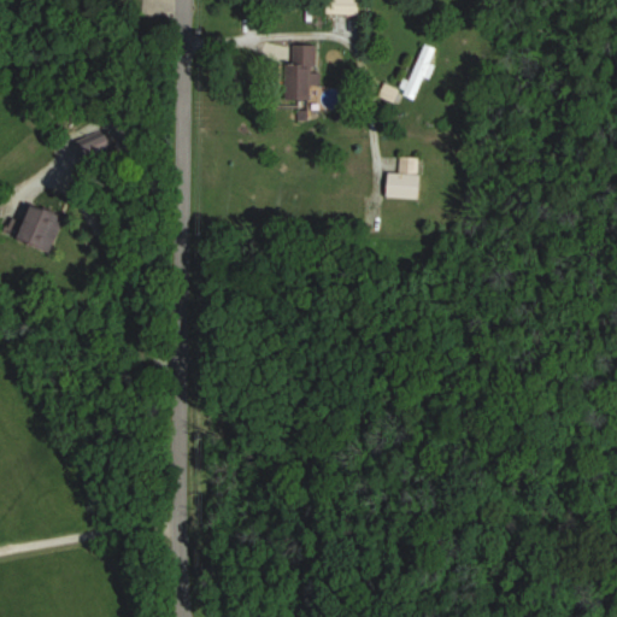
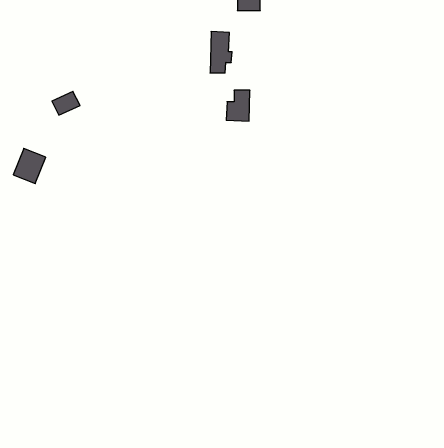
building: [398,42,435,99] -> none
building: [386,157,418,199] -> [226,90,250,121]

